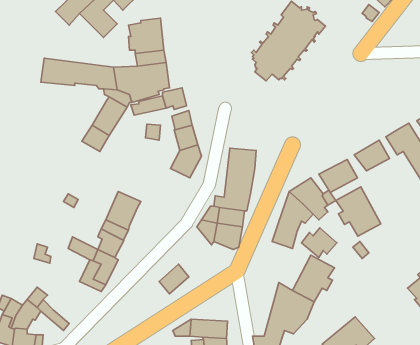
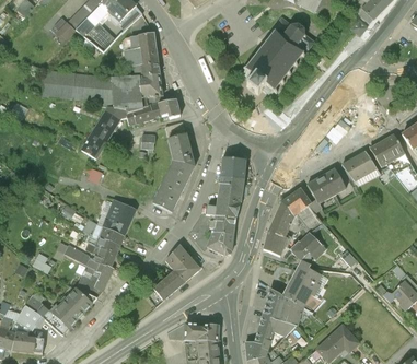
building: none -> [153,177,184,211]
building: [336,187,381,236] -> none
building: none -> [164,246,198,281]
building: none -> [53,289,91,326]

